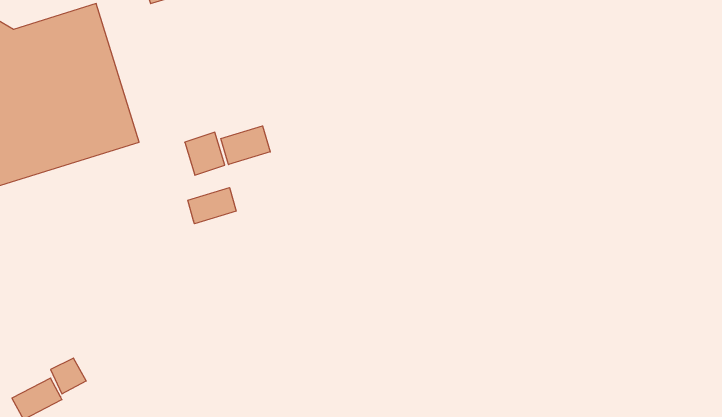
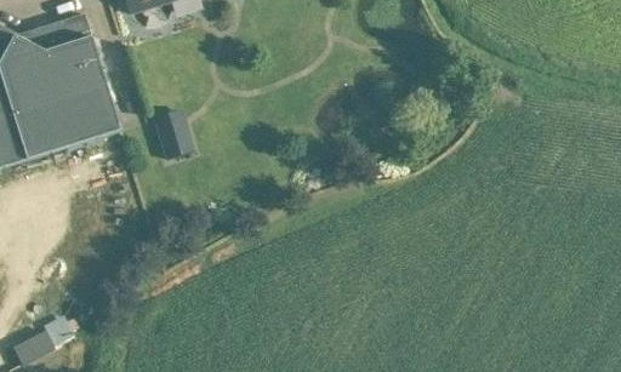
building: [221,126,270,165] -> none
building: [188,188,236,224] -> none

